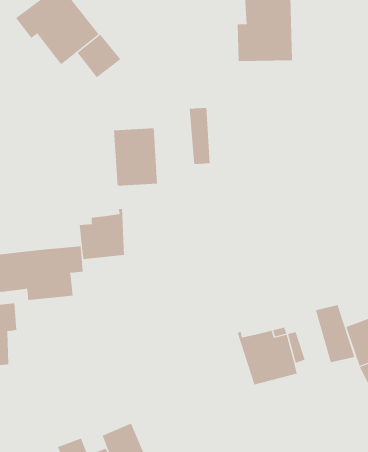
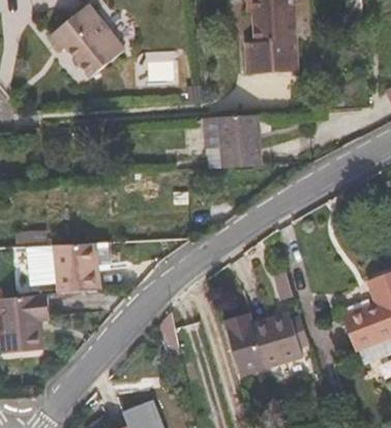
building: [77,34,121,78] -> none
building: [113,128,158,186] -> [219,114,260,166]
building: [79,208,125,260] -> none
building: [315,304,355,363] -> [225,319,262,372]

